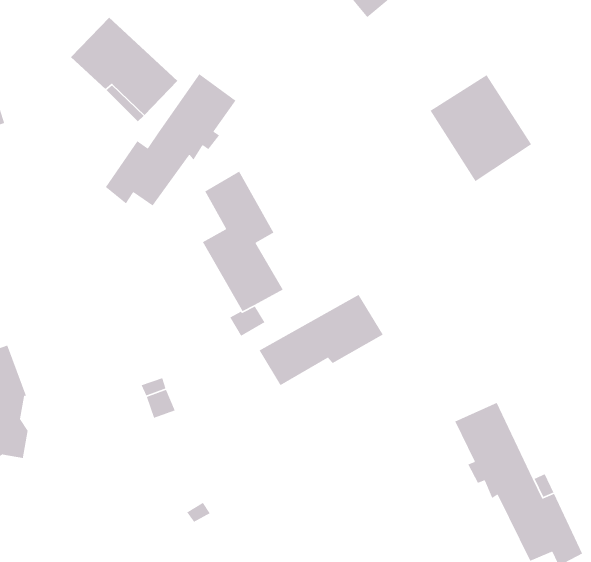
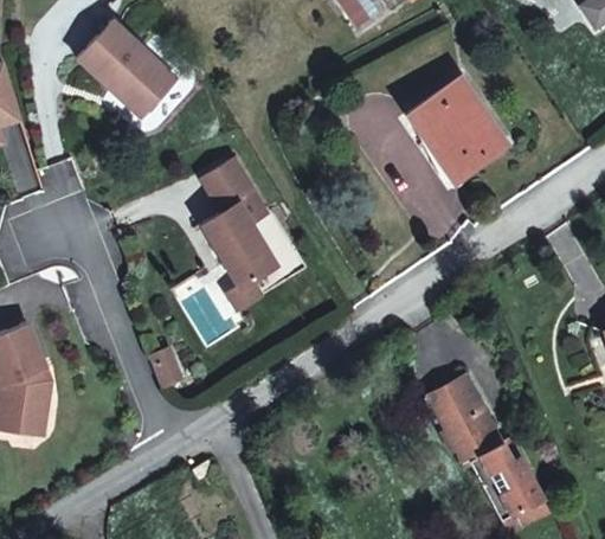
building: [105,73,236,207] -> none
building: [259,294,384,386] -> none

